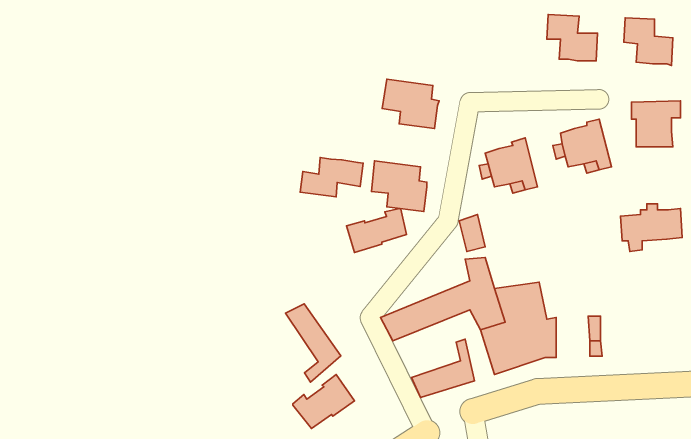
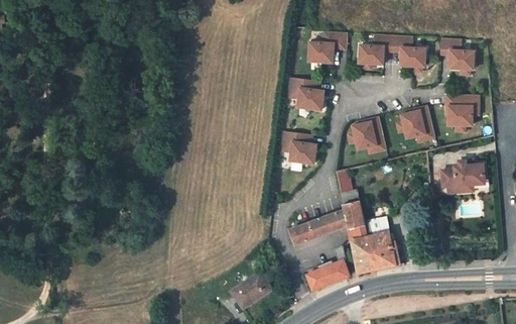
building: none -> [308,32,348,63]
building: none -> [360,34,394,65]
building: [300,157,363,197] -> none
building: [346,208,407,252] -> none
building: [286,304,341,382] -> none

